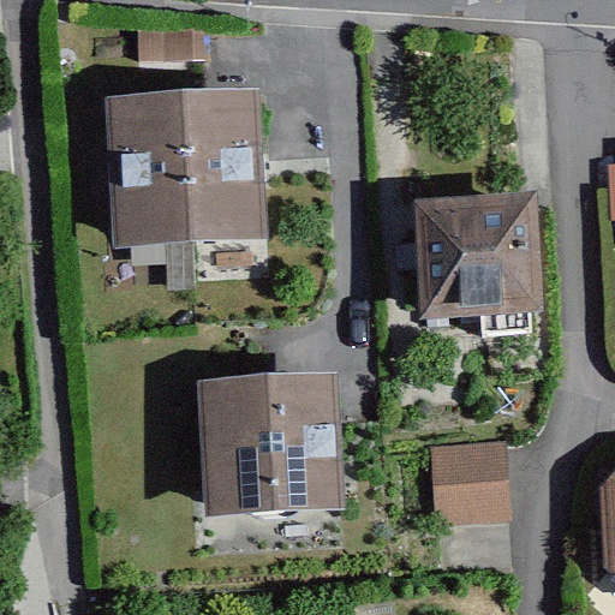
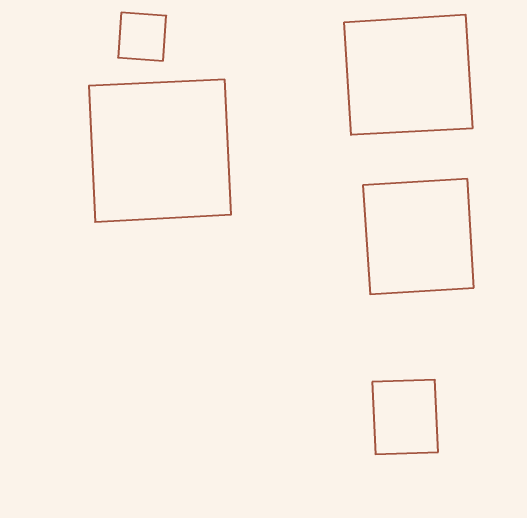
building: none -> [344,15,472,135]
building: [192,382,350,531] -> none

